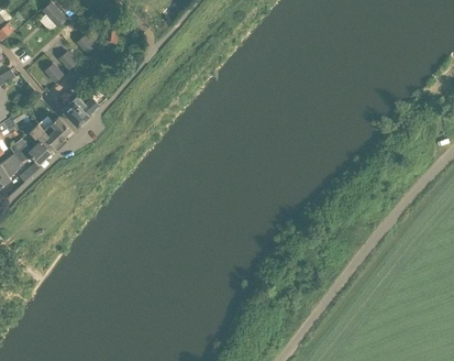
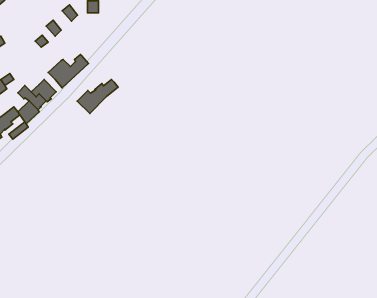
building: none -> [77,79,118,113]

